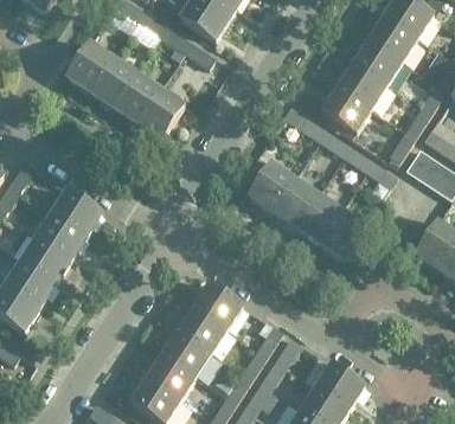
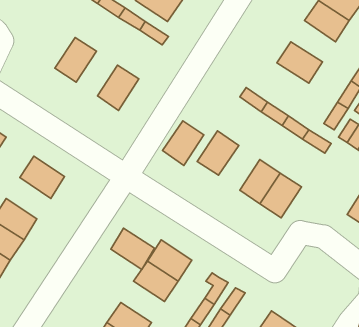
building: [352,38,402,84] -> none
building: [65,41,111,91] -> none
building: [113,72,159,122] -> none
building: [321,85,372,131] -> none
building: [271,178,318,227] -> [163,121,204,165]
building: [34,213,84,259] -> none
building: [162,329,211,375] -> [111,228,154,269]

